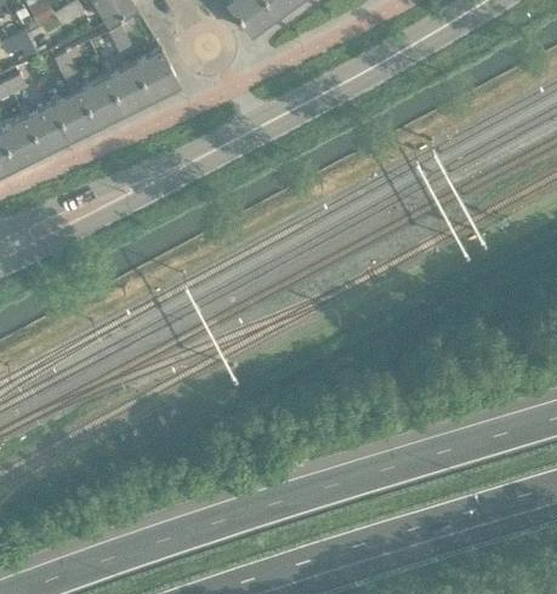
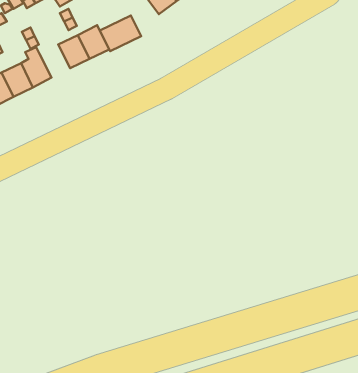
building: none -> [100,16,141,51]
building: [79,79,123,126] -> none

